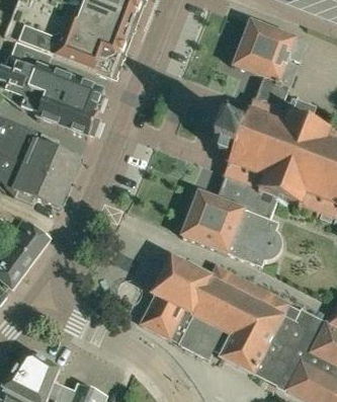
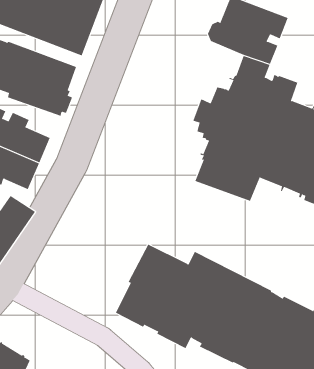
building: [181,190,282,266] -> none

